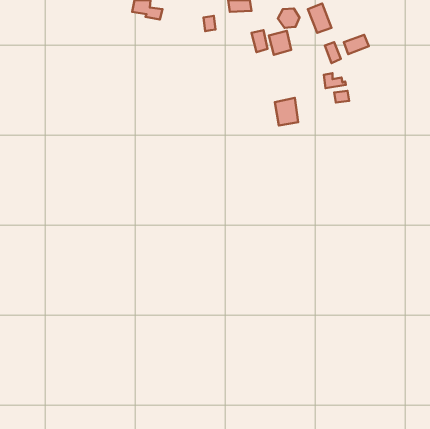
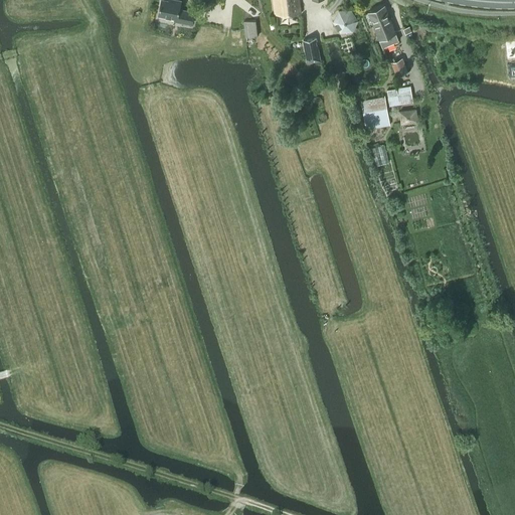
building: [269,31,291,55] -> none
building: [344,35,369,54] -> none
building: [275,98,298,126] -> [361,97,389,130]

